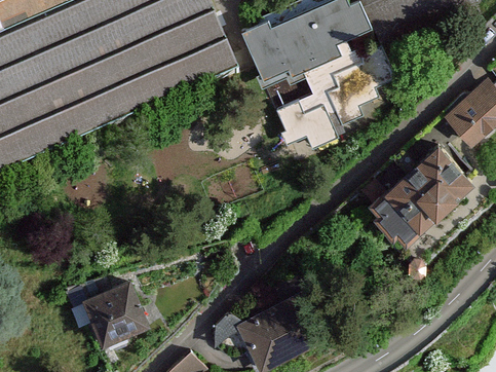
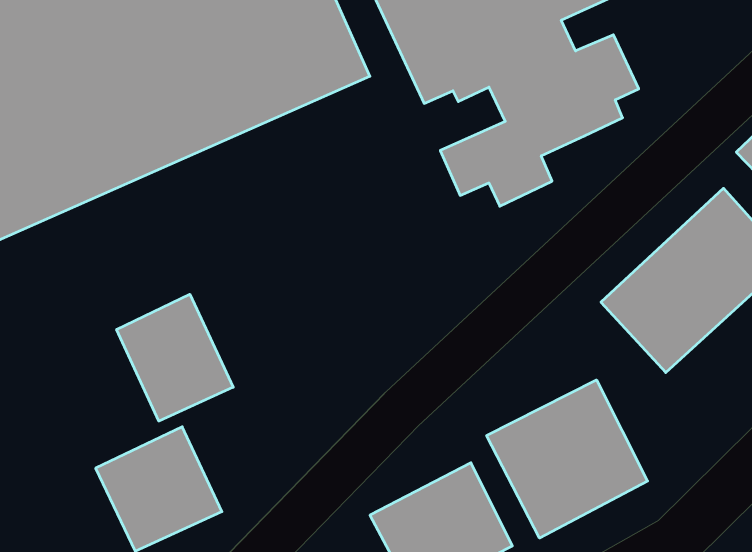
building: none -> [117,294,233,421]
building: none -> [487,380,648,538]

